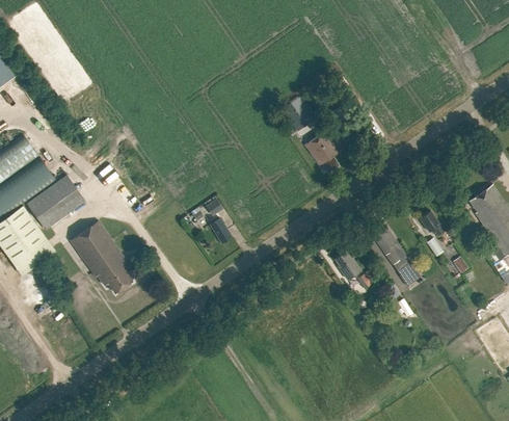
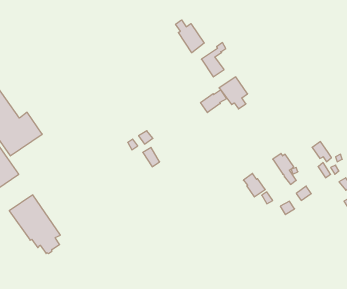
building: none -> [176,20,204,53]
building: none -> [201,90,226,113]
building: [70,221,133,294] -> [9,195,60,254]

